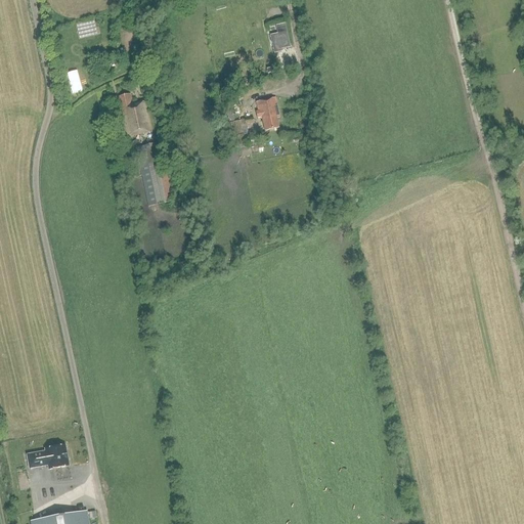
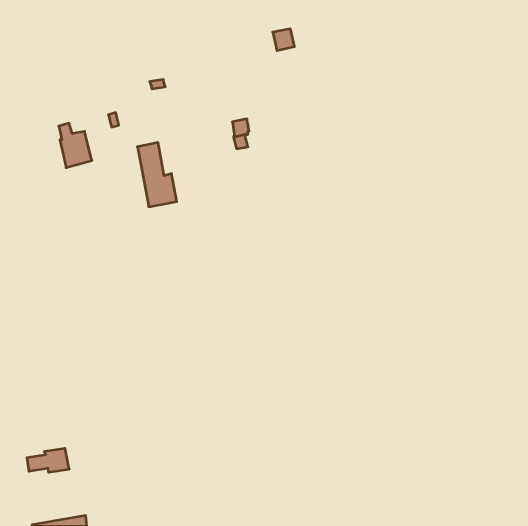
building: [119,92,151,136] -> [59,123,92,168]
building: [255,97,278,129] -> none

